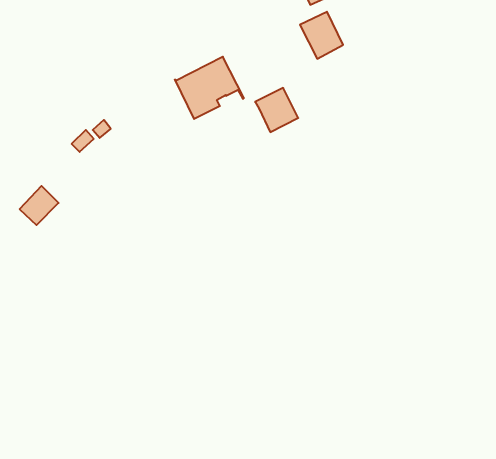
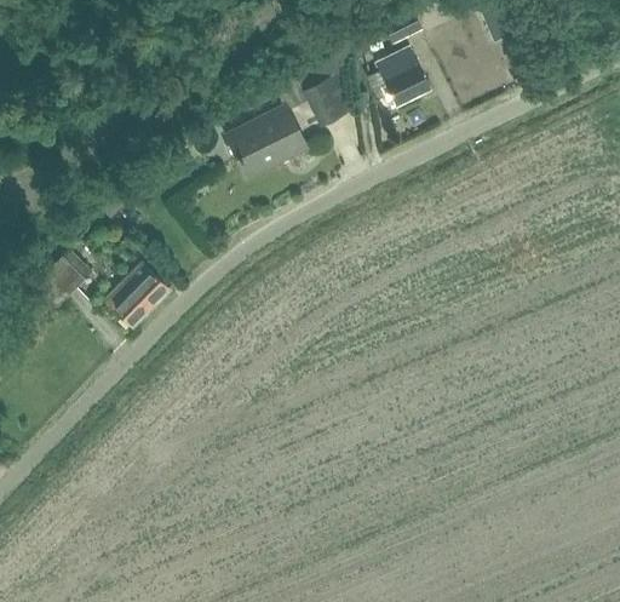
building: [255,88,298,132] -> [304,73,356,126]
building: none -> [104,260,172,328]

